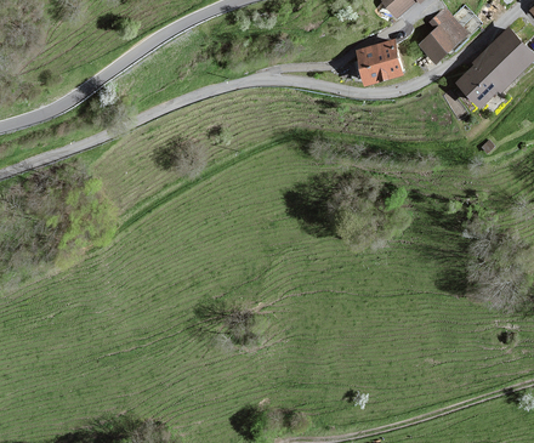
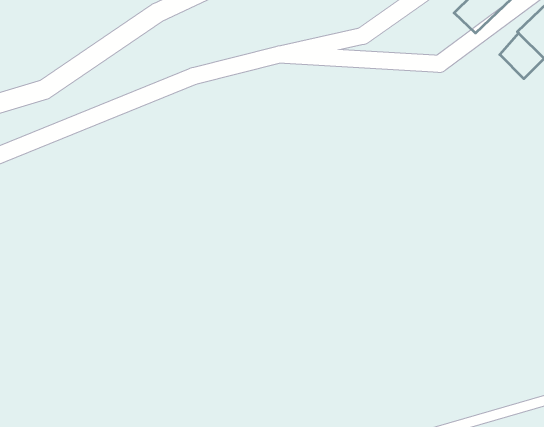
building: [359,40,403,80] -> none

